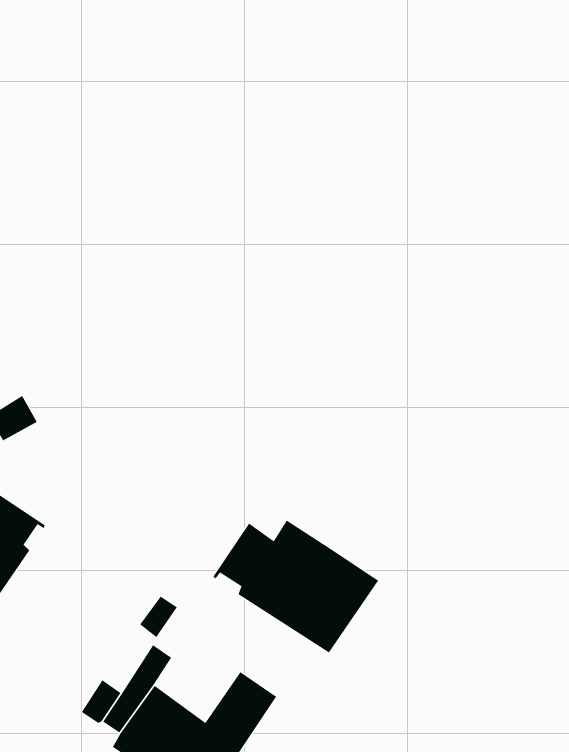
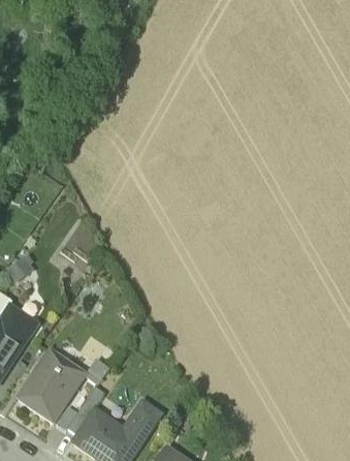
building: [213,520,379,654] -> none
building: none -> [18,350,79,420]

